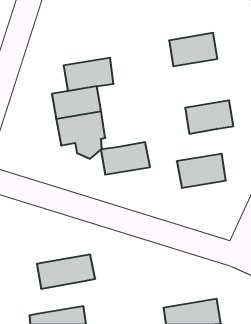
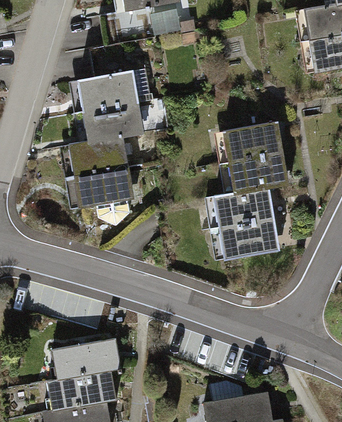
building: none -> [77,69,152,111]
building: [169,33,217,66] -> [223,122,281,162]
building: [101,142,150,175] -> [213,187,272,226]
building: none -> [46,369,115,409]

